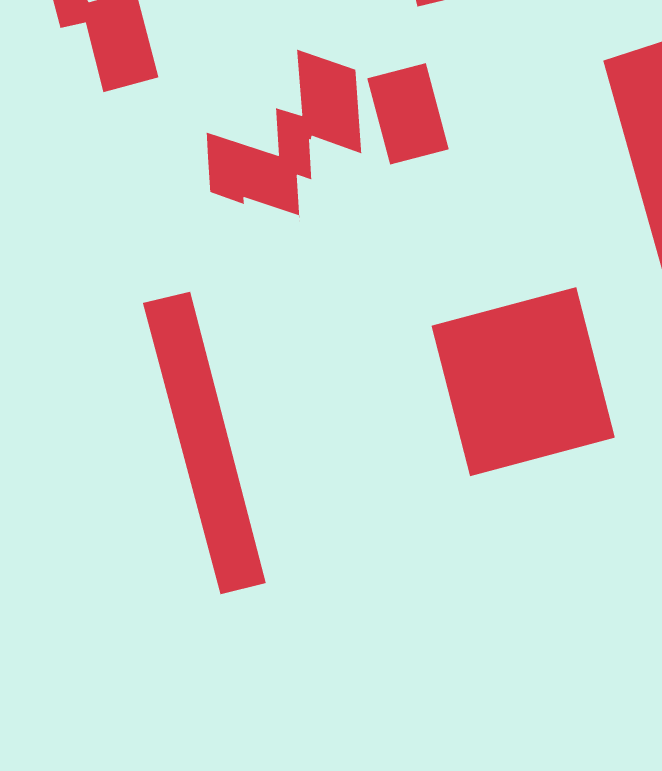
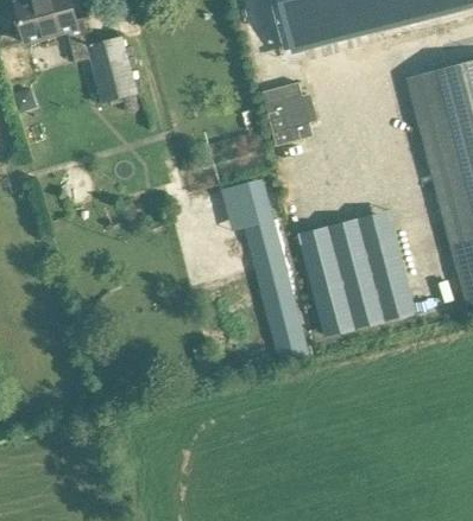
building: [206,49,362,223] -> none
building: [142,291,267,595] -> [232,178,308,363]

